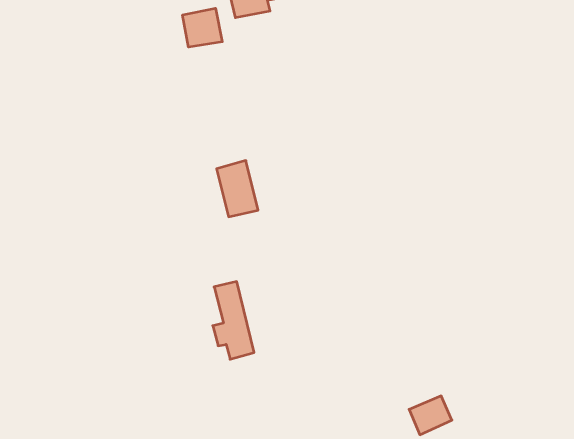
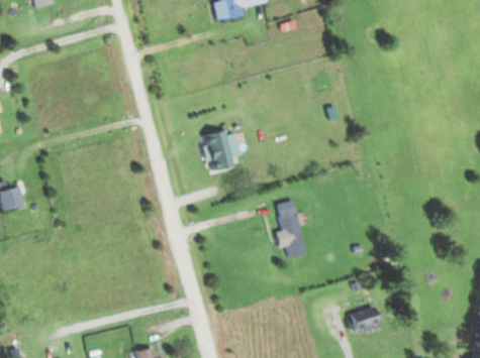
building: [183,8,222,47] -> none
building: [213,282,254,359] -> [276,200,307,258]

